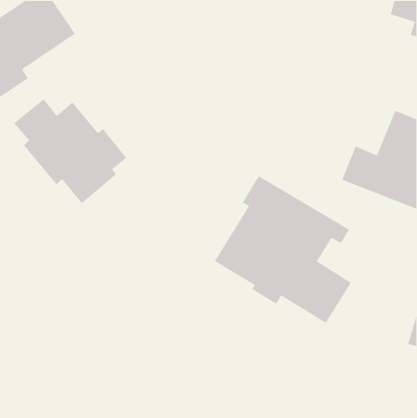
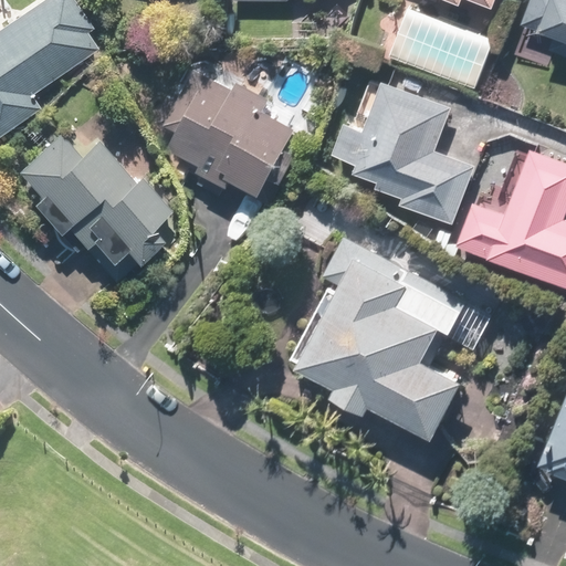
building: none -> [389,10,493,92]
building: none -> [166,71,294,201]
building: none -> [332,81,476,224]

